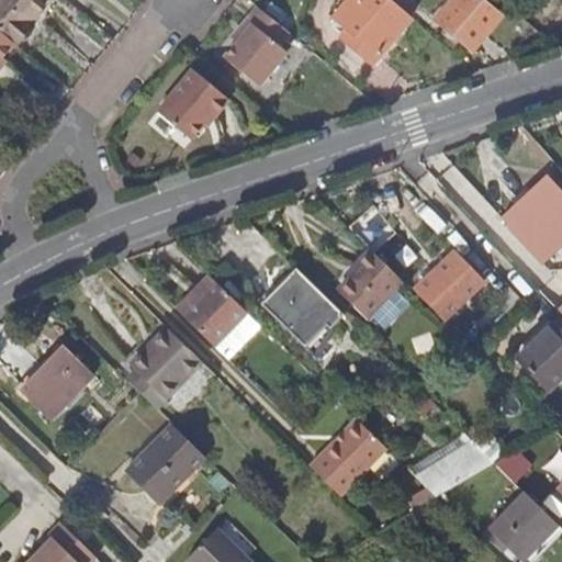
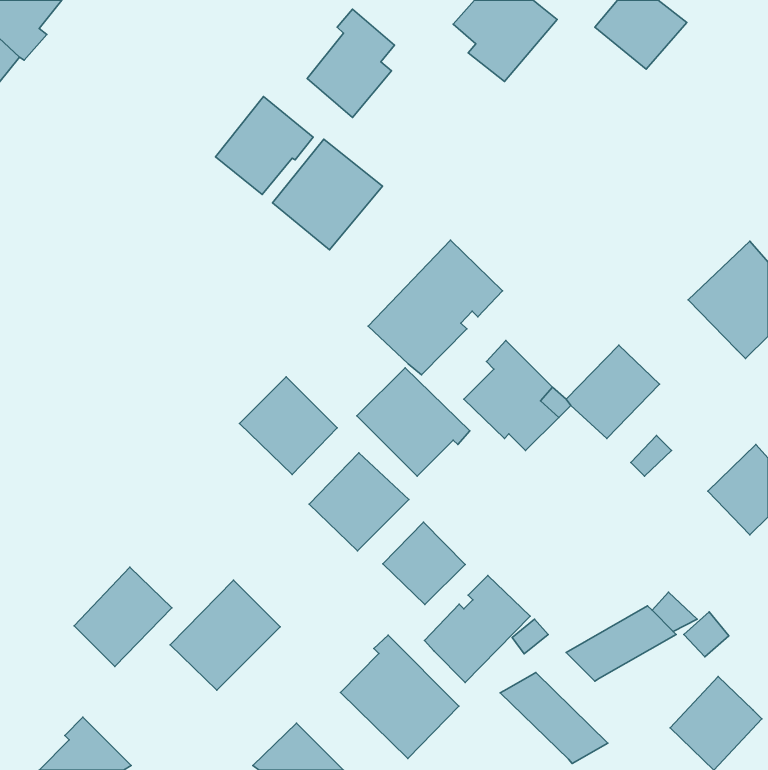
building: none -> [273,139,382,250]
building: none -> [368,240,502,375]
building: [130,327,202,398] -> [309,453,409,551]
building: [21,347,92,419] -> [74,567,172,666]
building: none -> [383,522,465,605]
building: none -> [340,635,459,759]
building: none -> [500,673,608,764]

